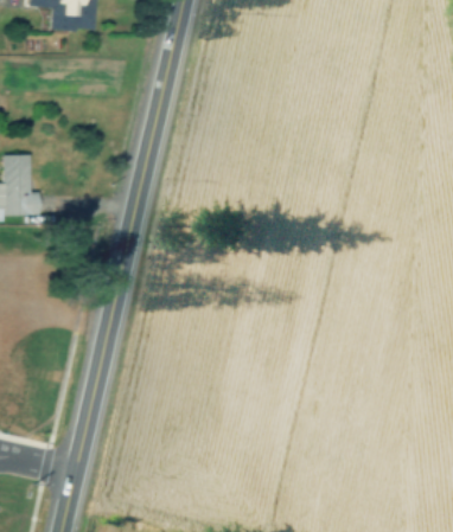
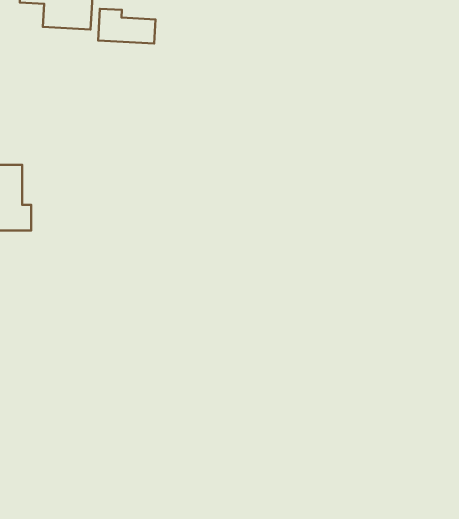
building: none -> [98,9,155,44]

